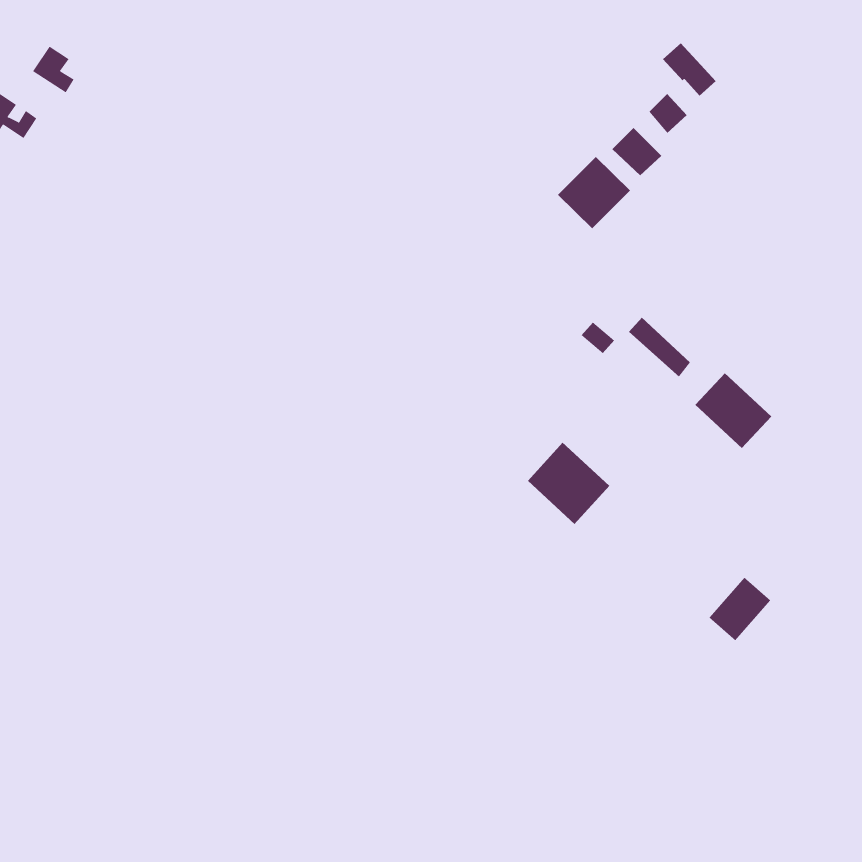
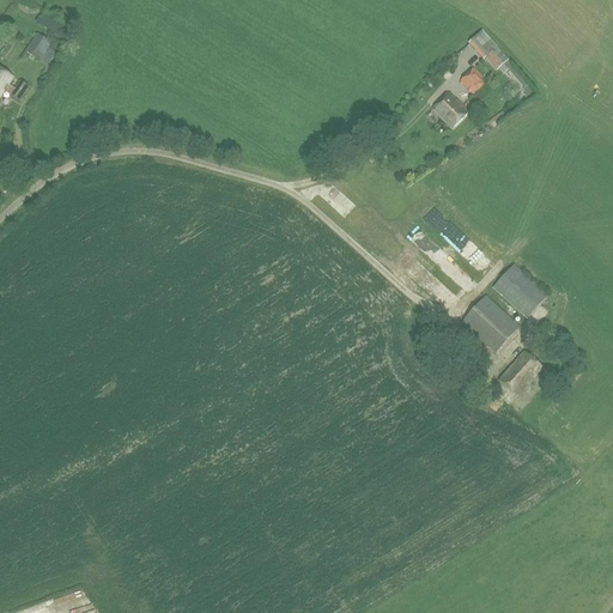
building: [557,156,631,229] -> none
building: [527,442,610,525] -> [459,295,517,353]
building: [709,577,771,641] -> [497,350,541,395]

